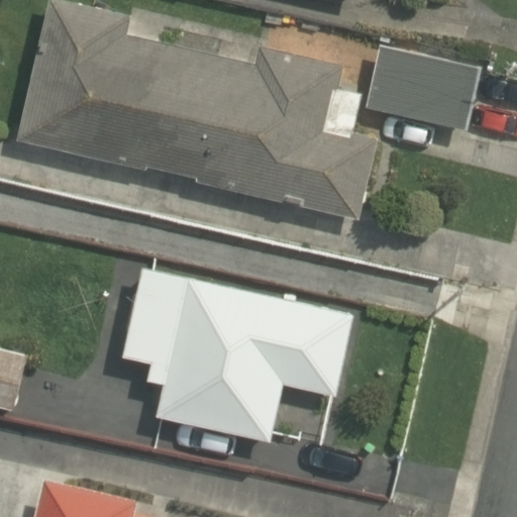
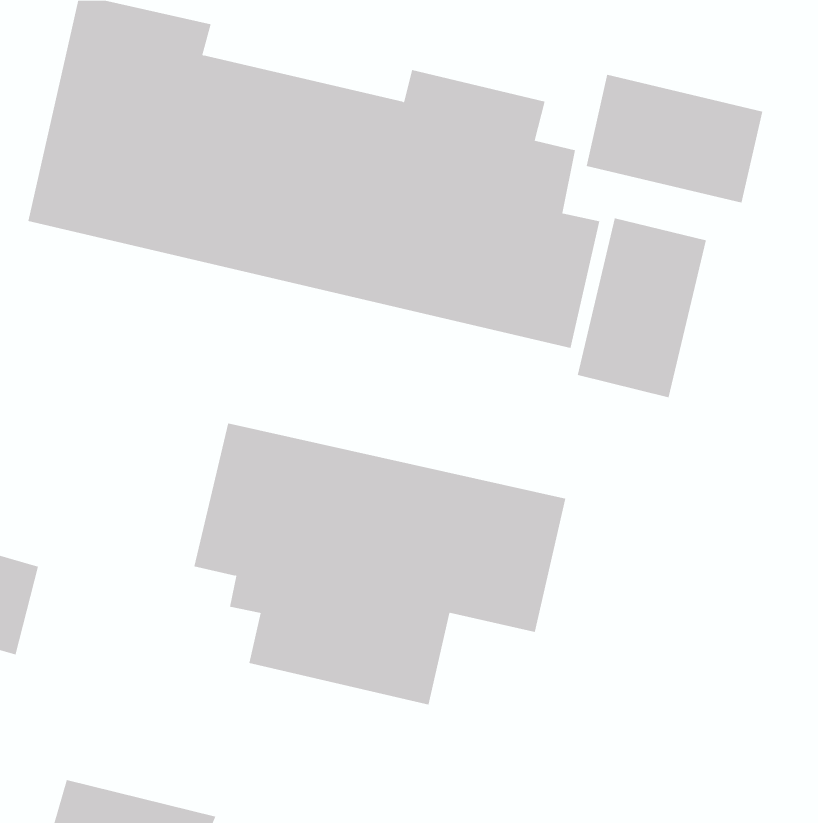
building: none -> [577,217,706,398]

